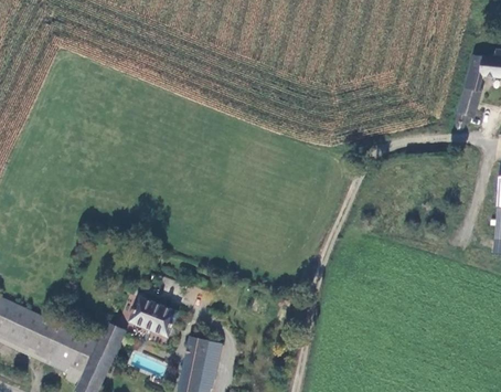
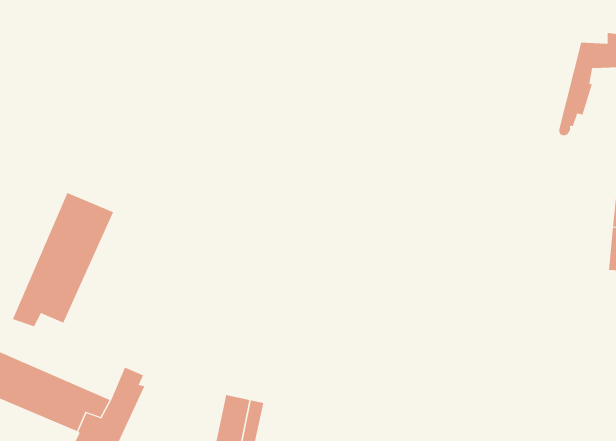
building: none -> [12,192,114,327]
building: [130,296,180,336] -> none

